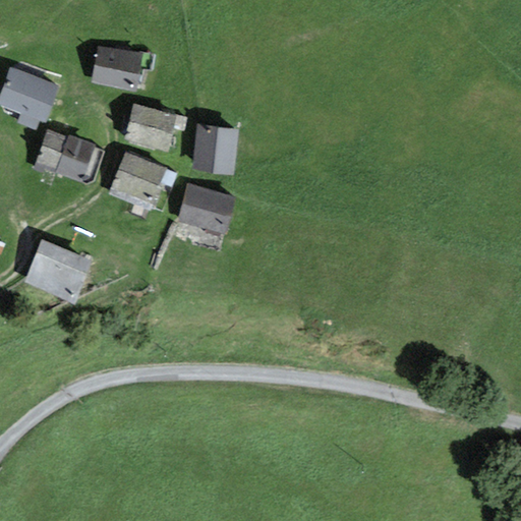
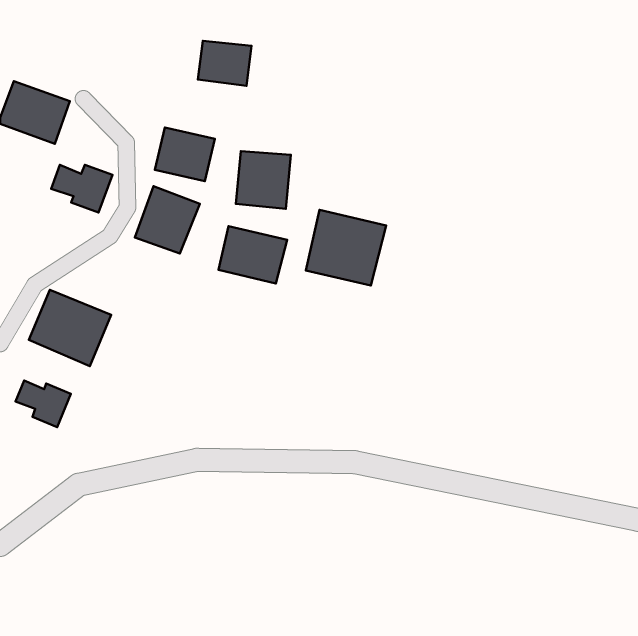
building: [93,54,136,91] -> [198,41,252,86]
building: none -> [306,210,386,286]
building: none -> [16,380,71,427]

